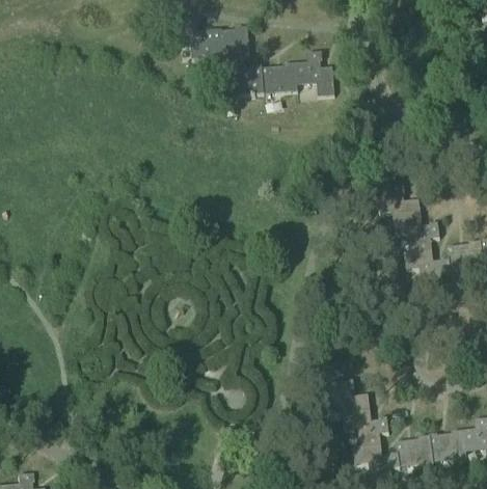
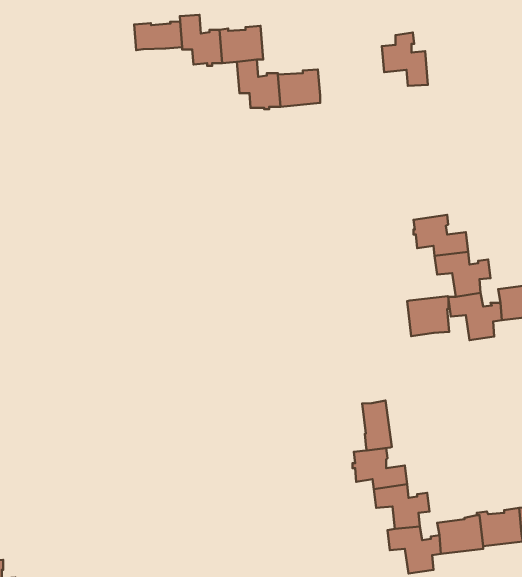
building: none -> [134,21,182,50]
building: [295,51,333,96] -> [382,33,428,86]
building: none -> [407,296,449,336]
building: none -> [362,400,392,450]

